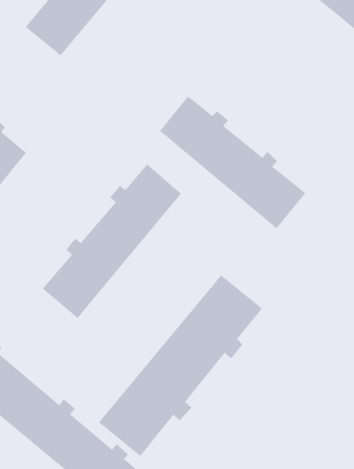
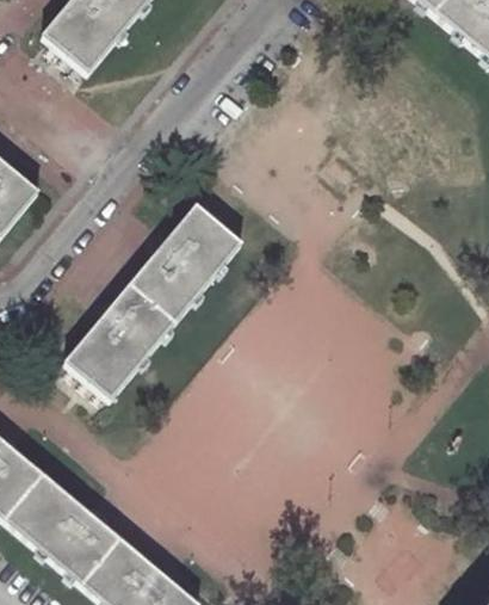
building: [159,95,306,229] -> none
building: [98,275,263,457] -> none

